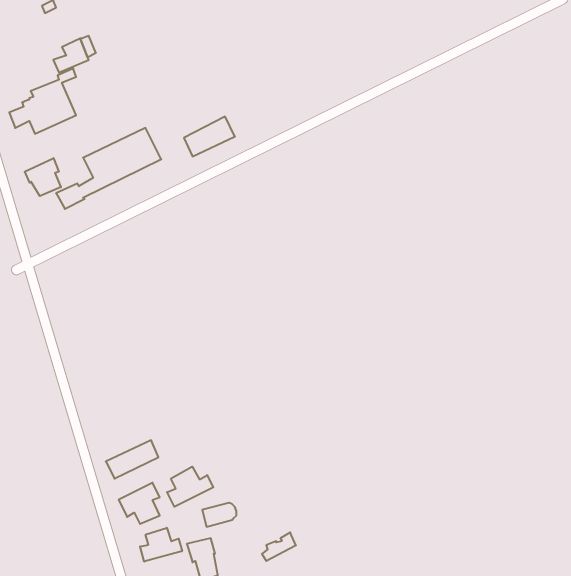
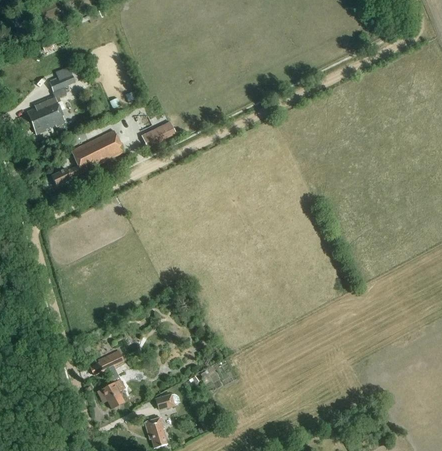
building: [25,158,61,196] -> none
building: [167,467,213,507] -> none
building: [140,528,182,562] -> none

